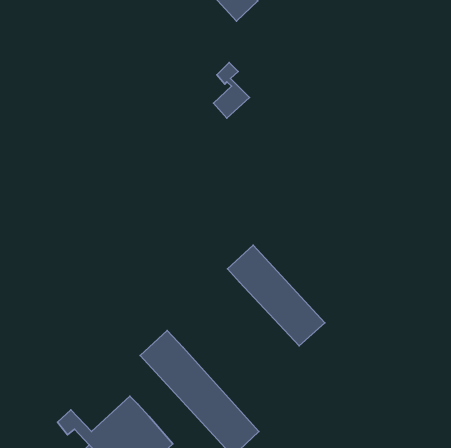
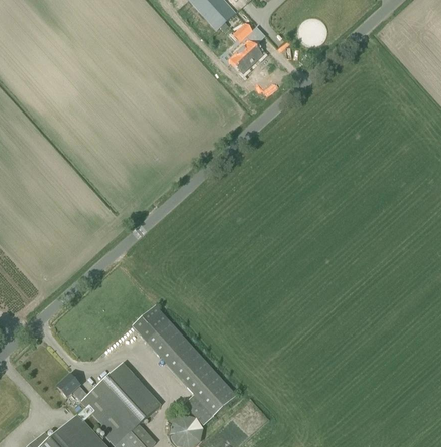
building: [213,62,250,118] -> [230,23,262,72]
building: [227,245,325,346] -> none

